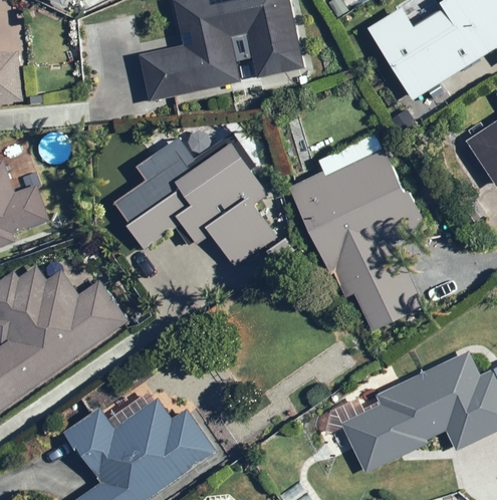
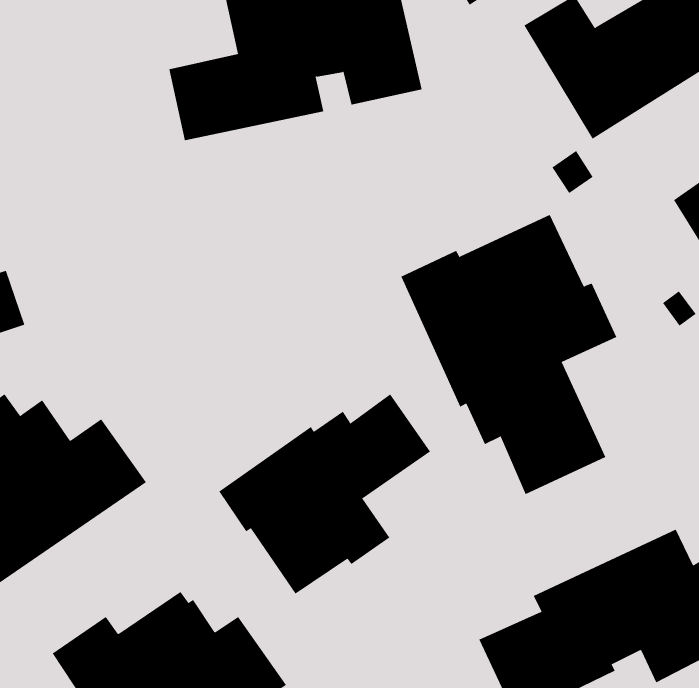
building: [115,132,276,267] -> none
building: none -> [218,393,431,594]

